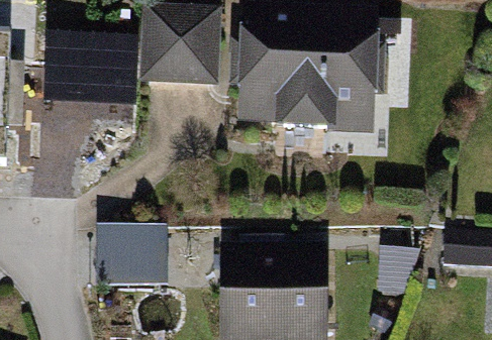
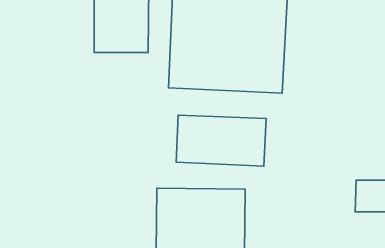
building: none -> [176,115,266,166]
building: [100,227,170,290] -> none

